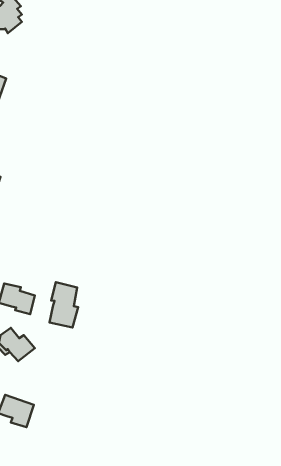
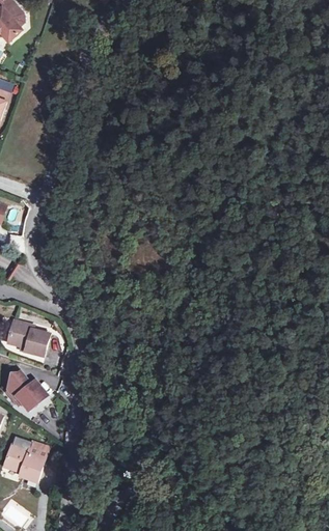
building: [49,282,78,327] -> none

